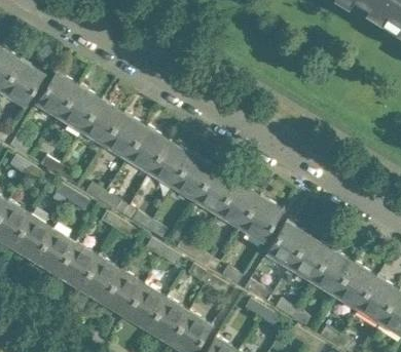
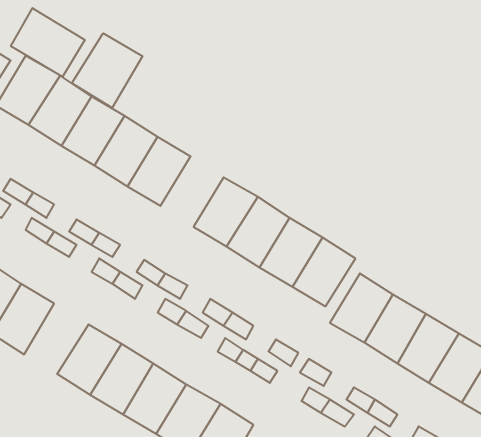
building: none -> [11,8,85,77]
building: none -> [72,33,143,108]
building: [148,141,191,189] -> none
building: [54,241,99,289] -> none

